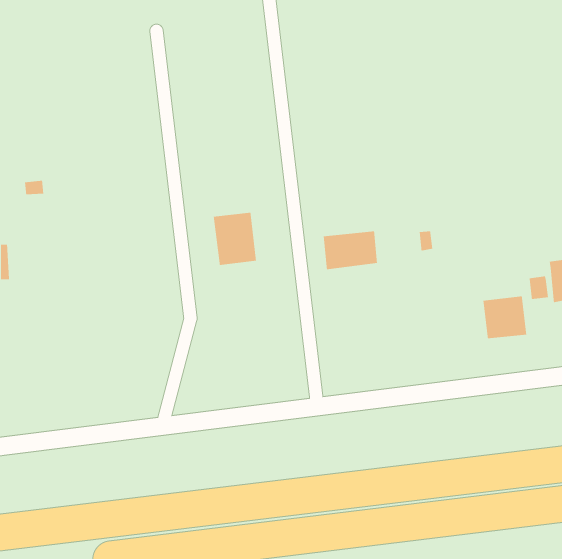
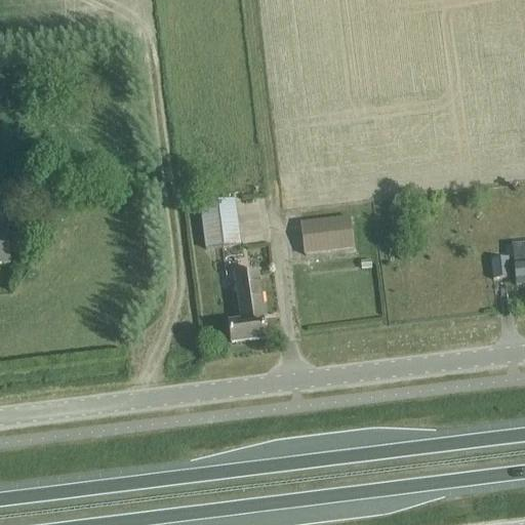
building: none -> [230,270,264,341]
building: [483,295,527,339] -> none

